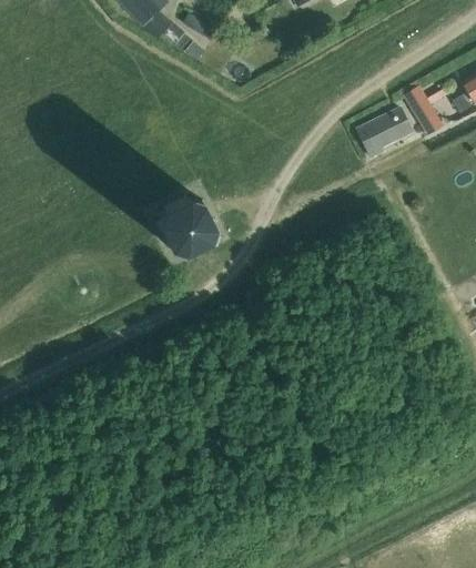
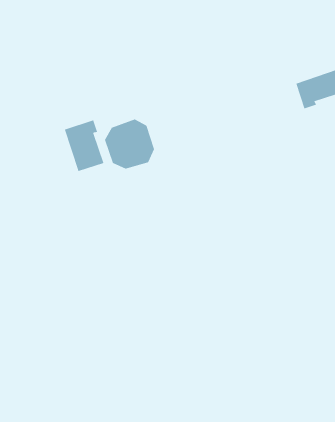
building: none -> [64,119,104,172]

